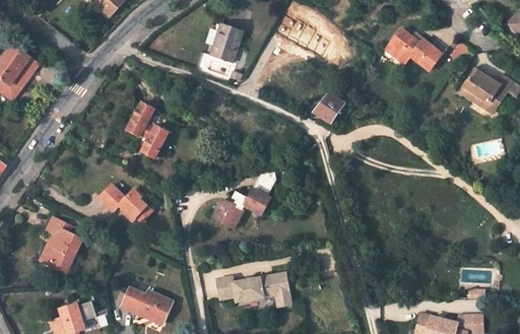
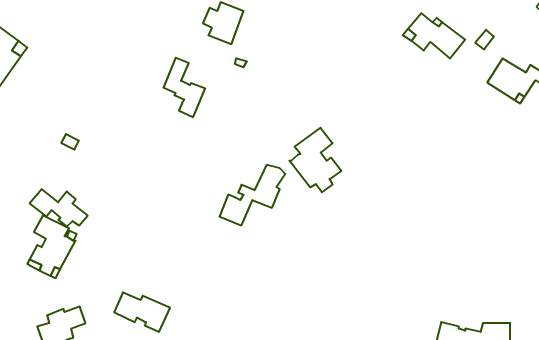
building: [317,92,349,120] -> none
building: [126,110,165,164] -> [163,58,205,117]
building: none -> [289,128,341,192]
building: [96,187,150,221] -> [30,189,88,227]
building: [216,275,291,306] -> none

